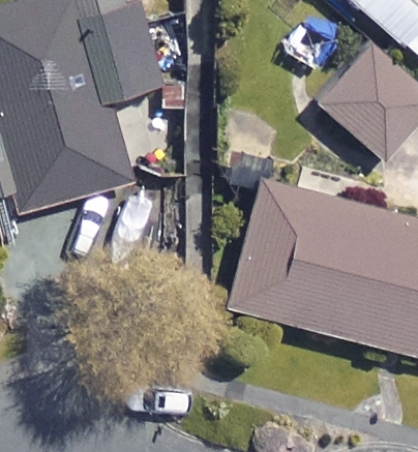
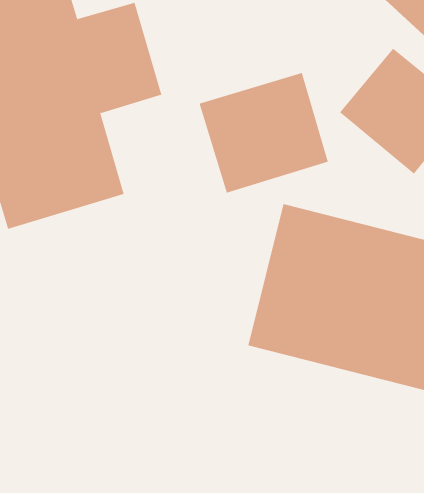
building: none -> [199,72,329,194]

